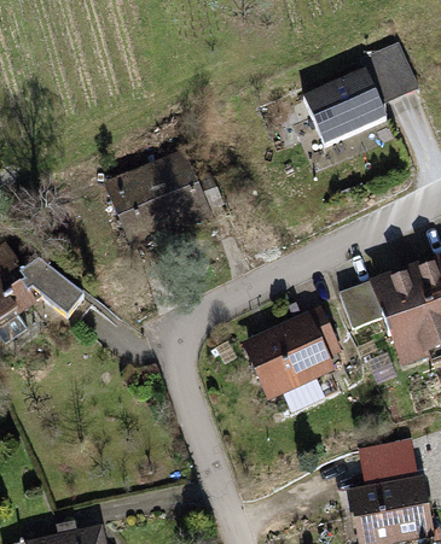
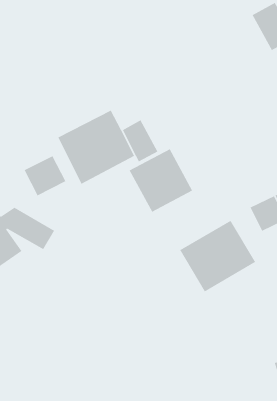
building: [301,70,383,144] -> none
building: none -> [24,155,66,196]
building: none -> [129,148,193,213]

